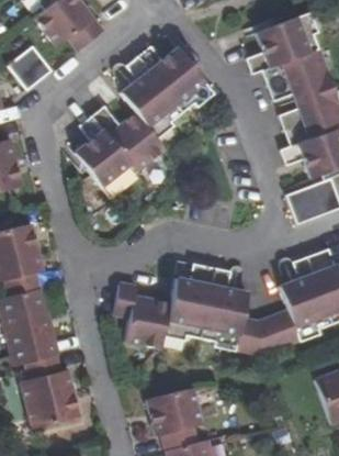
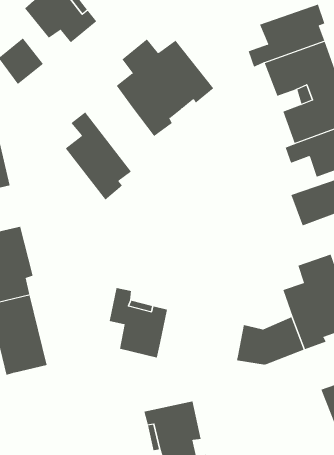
building: [92,105,165,171] -> none
building: [163,264,247,346] -> none
building: [21,355,79,427] -> none

